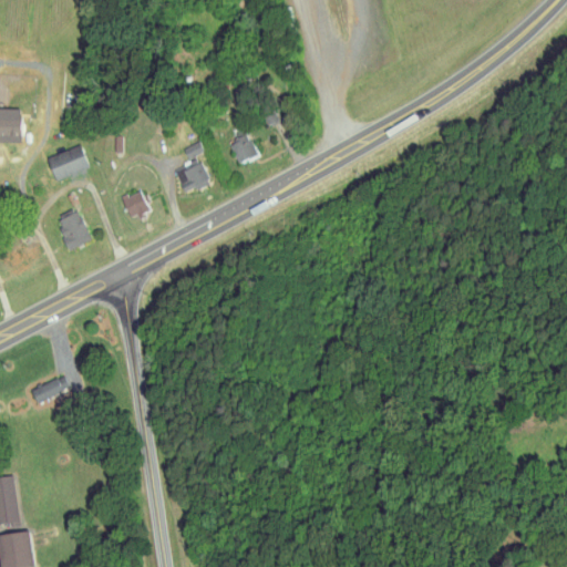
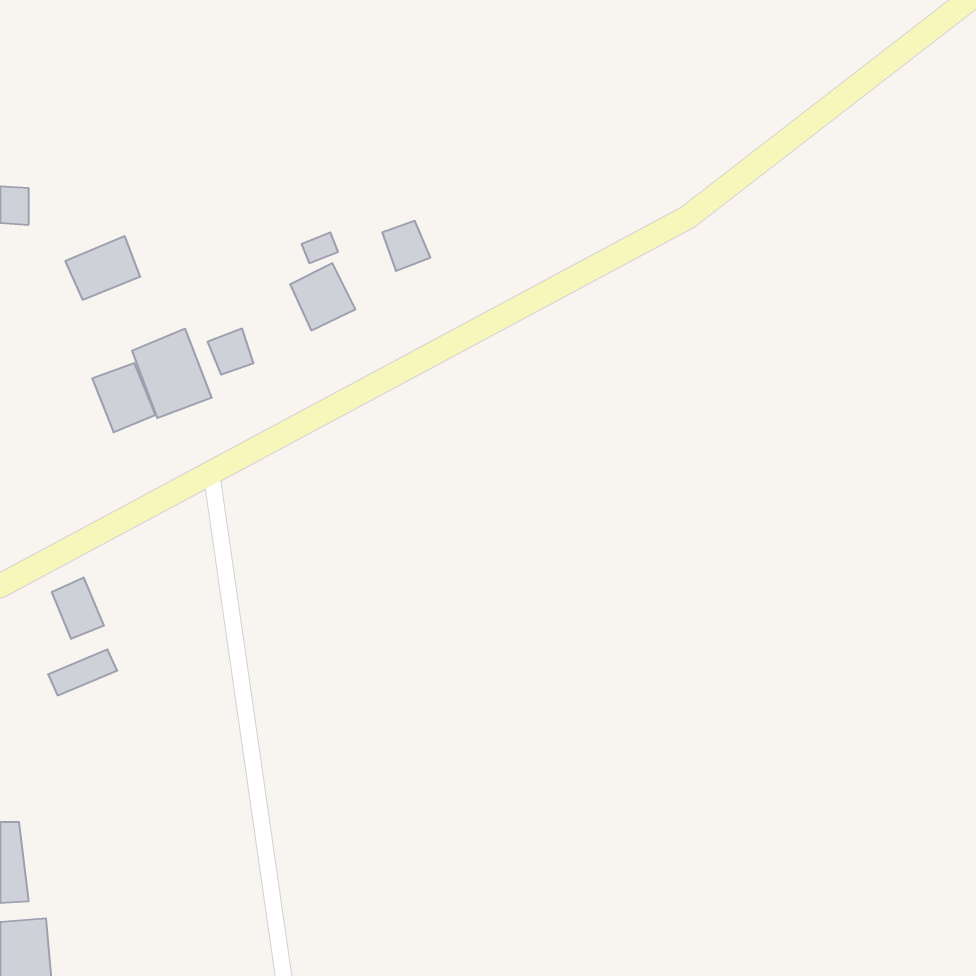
building: none -> [132,329,212,418]
building: none -> [52,577,104,639]

